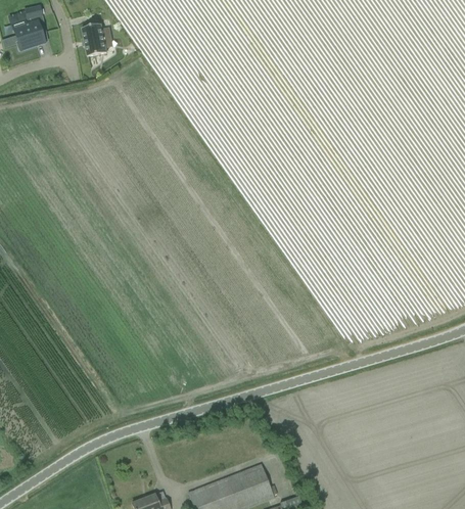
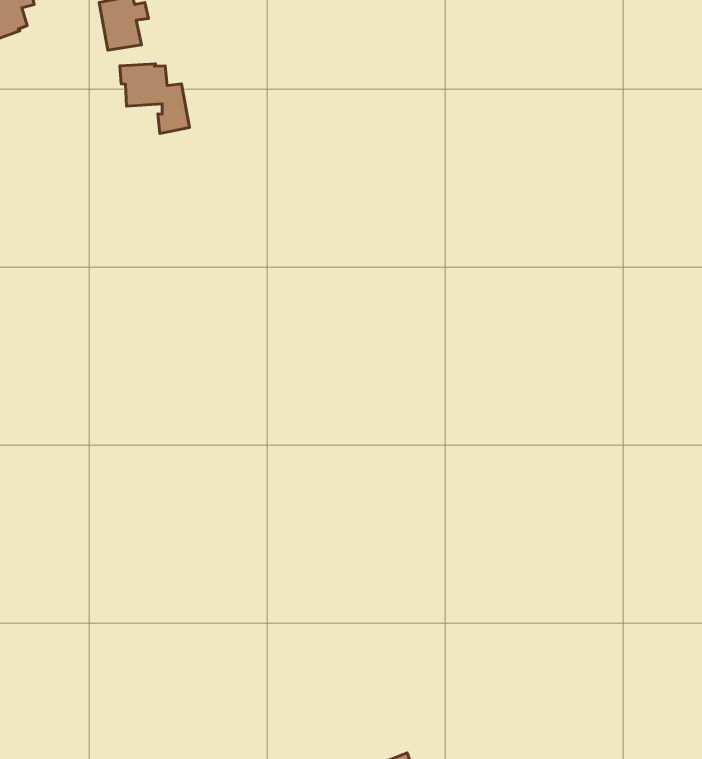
building: none -> [120,64,190,134]

